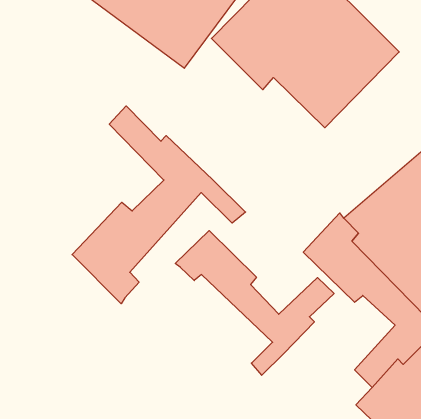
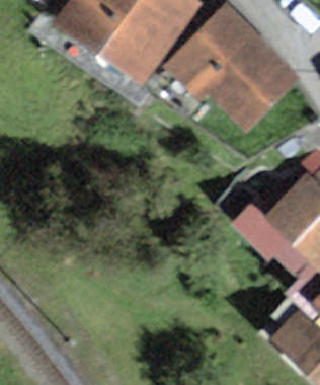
building: [72,106,246,304] -> none
building: [175,231,334,375] -> none

